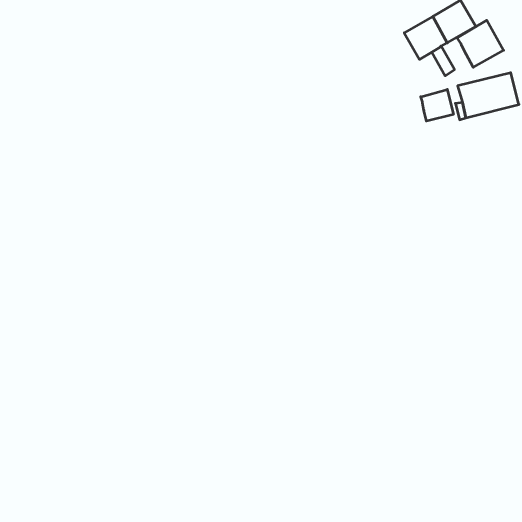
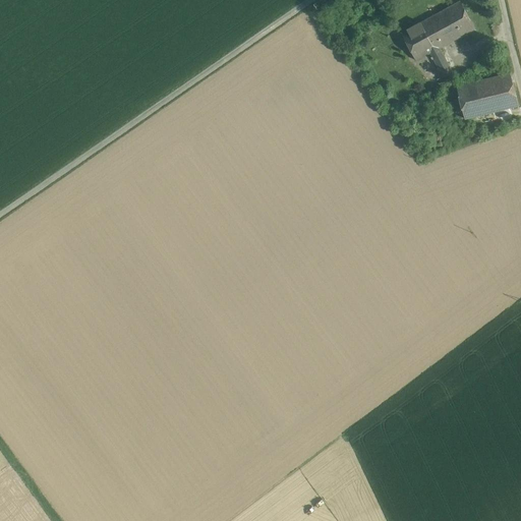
building: [457,20,504,67] -> none
building: [421,89,453,121] -> none

